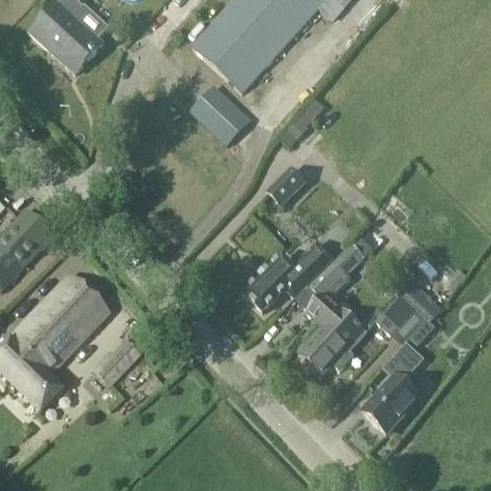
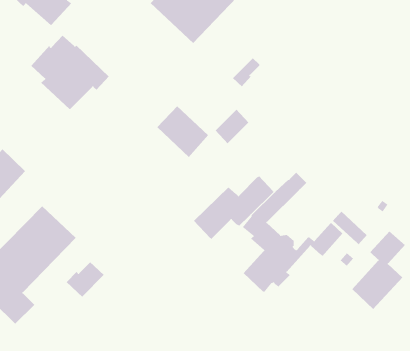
building: none -> [31,35,110,114]
building: [190,83,250,143] -> [156,105,209,158]
building: [362,343,424,434] -> [352,230,406,310]

